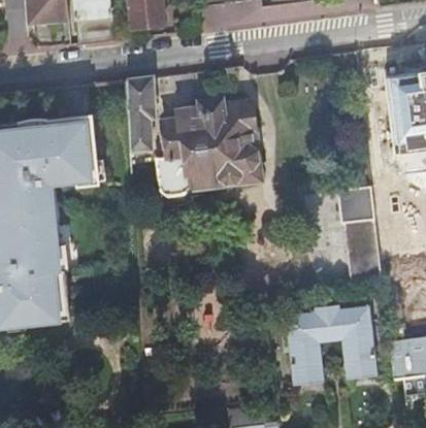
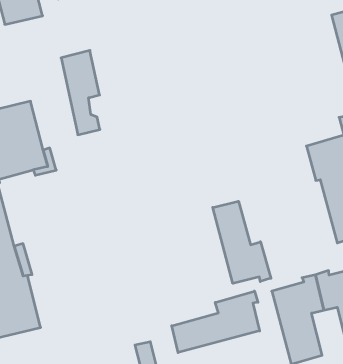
building: [156,98,260,206] -> none
building: none -> [213,201,271,283]
building: none -> [172,291,260,353]

